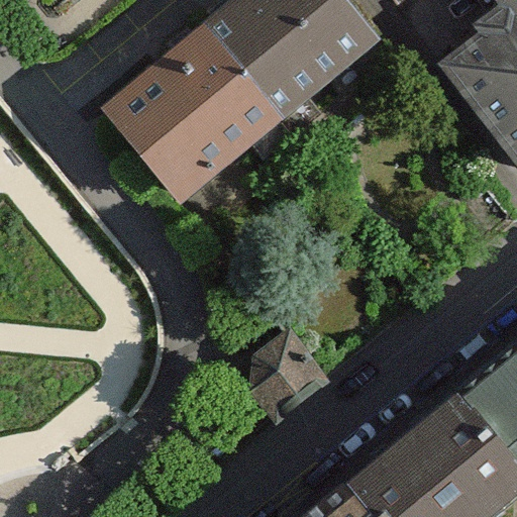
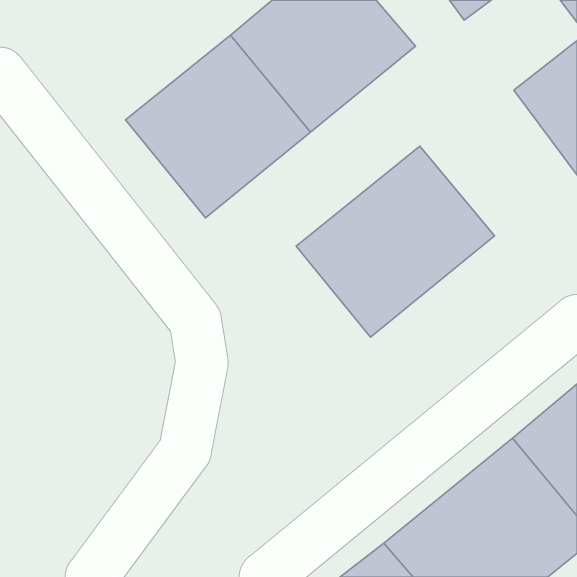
building: none -> [296,146,494,337]
building: [253,332,328,421] -> none

